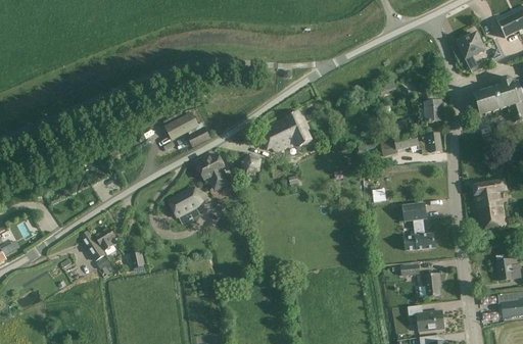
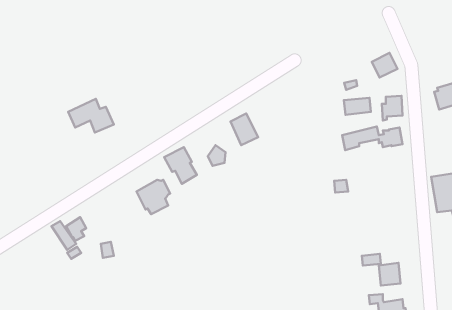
building: [458,34,484,59] -> [372,53,397,78]
building: none -> [344,98,371,115]
building: [163,111,210,146] -> [68,99,114,132]
building: [281,111,312,146] -> none
building: [402,203,435,250] -> none

